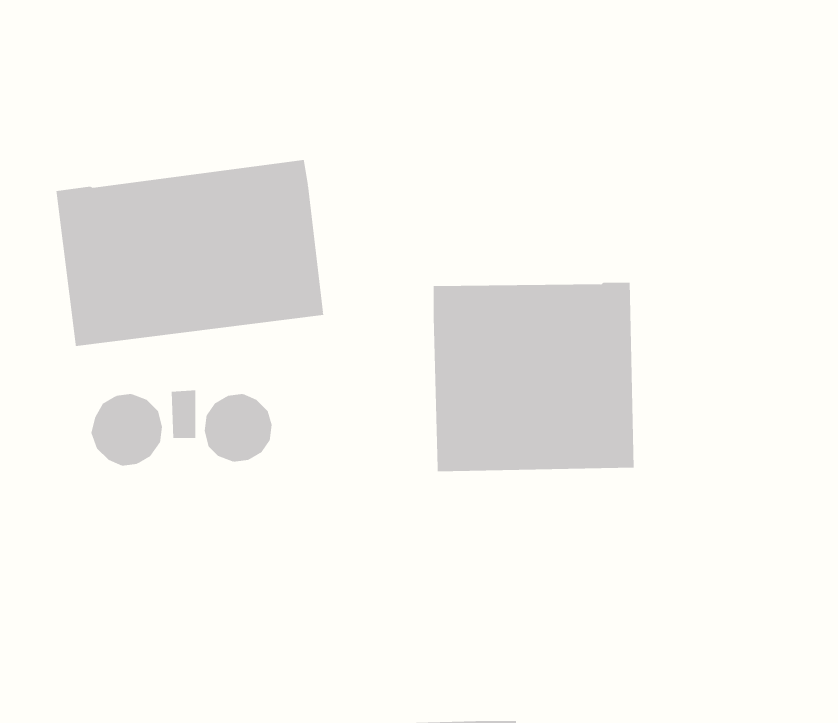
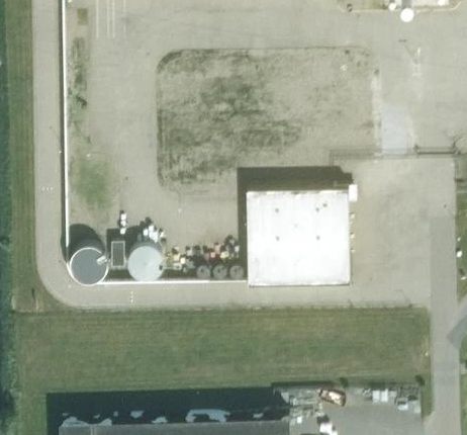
building: [56,159,324,347] -> none

